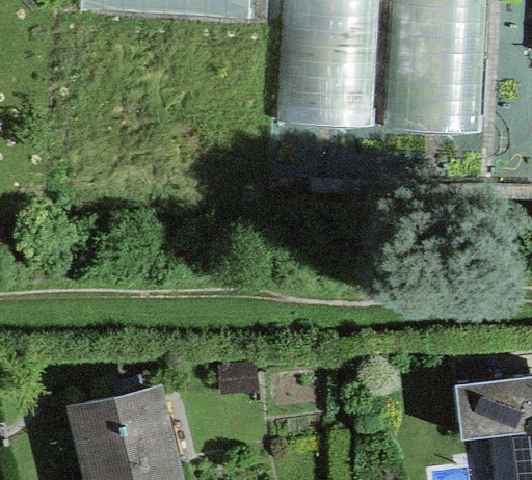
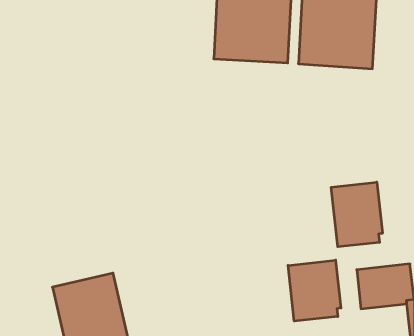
building: none -> [331,182,382,247]
building: none -> [288,260,341,321]

